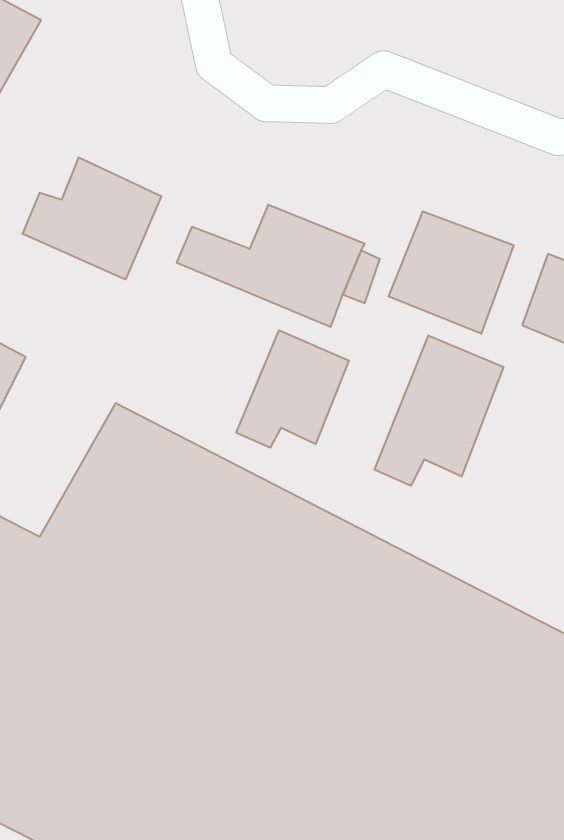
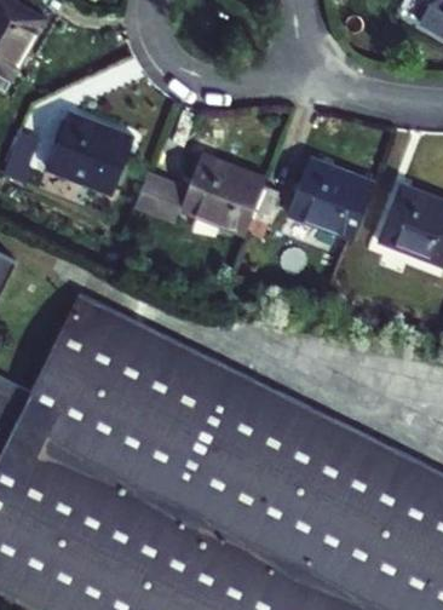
building: [236,330,349,448] -> none
building: [375,335,503,486] -> none

